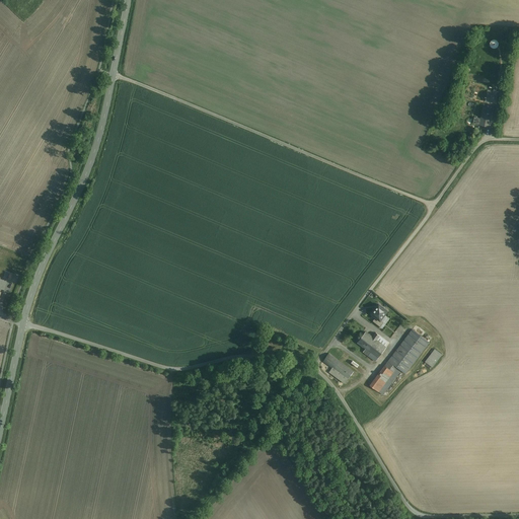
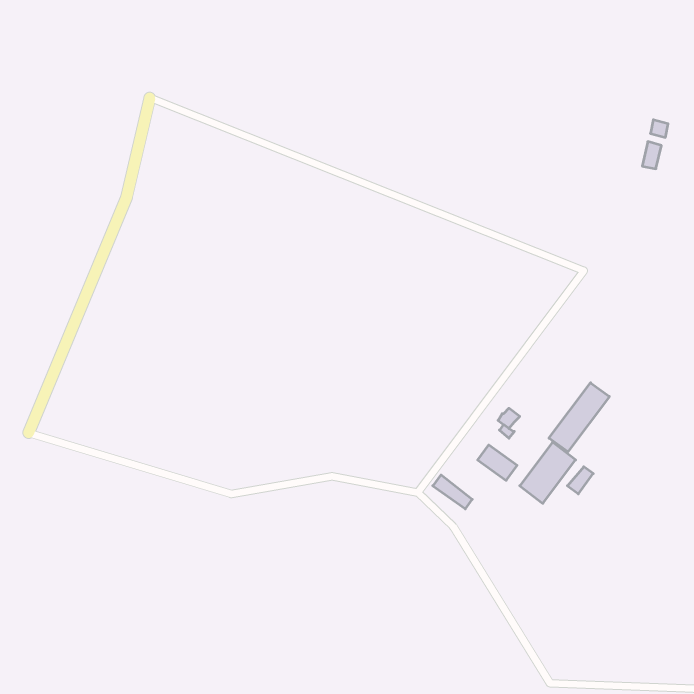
building: none -> [549,383,609,452]
building: [369,366,397,395] -> none

